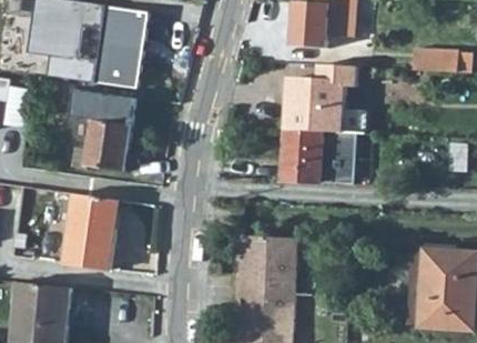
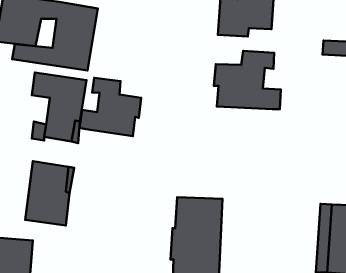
building: none -> [79,78,141,136]
building: [281,129,354,184] -> none

